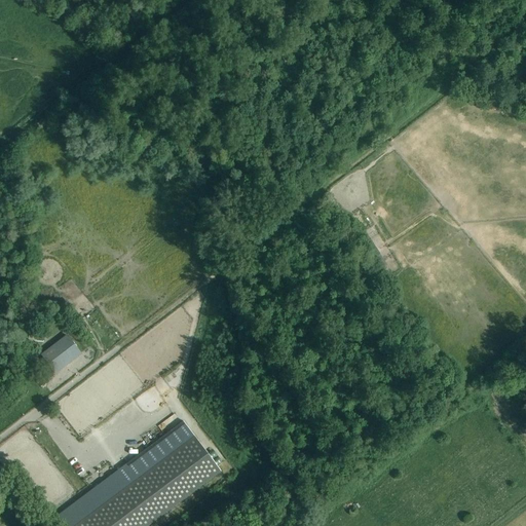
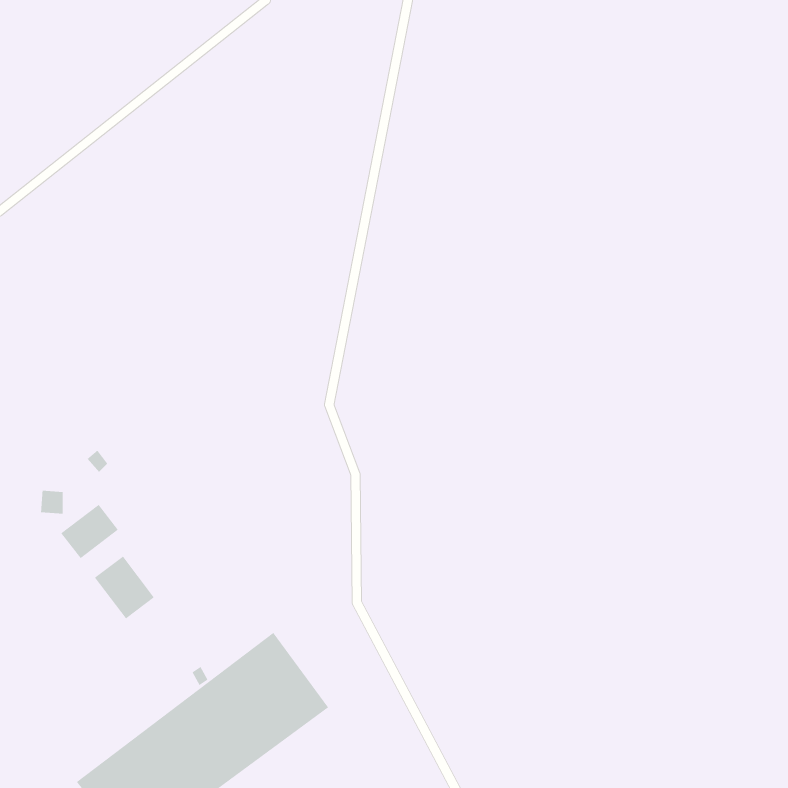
building: none -> [94,556,155,620]

